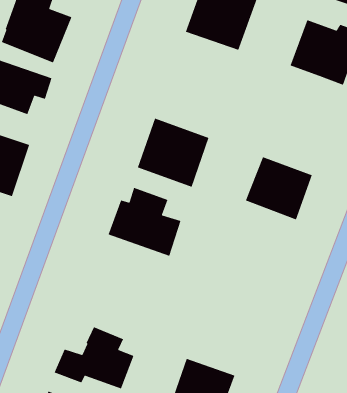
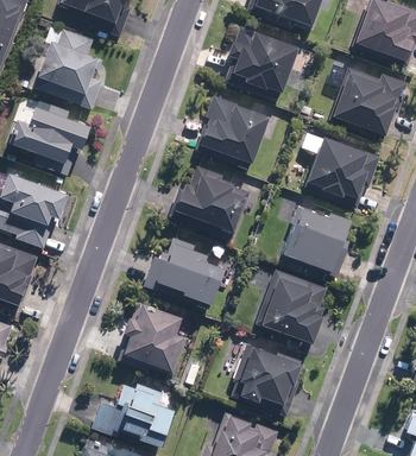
building: none -> [198,94,267,162]
building: none -> [300,131,377,197]
building: none -> [257,268,326,338]
building: none -> [118,299,185,375]
building: none -> [231,342,300,412]

